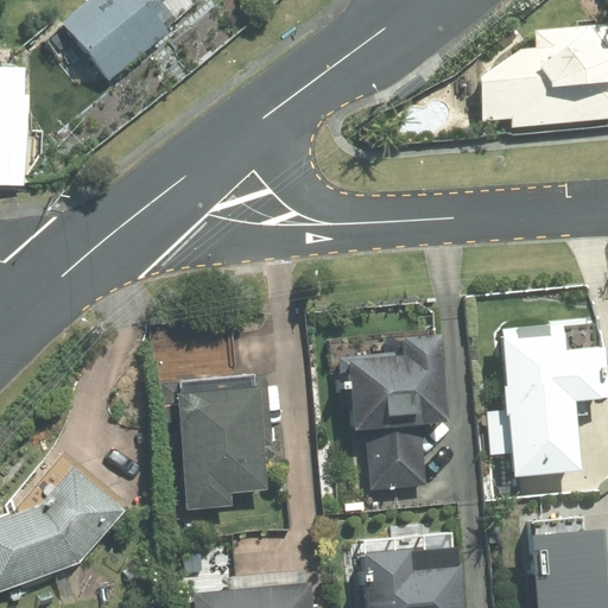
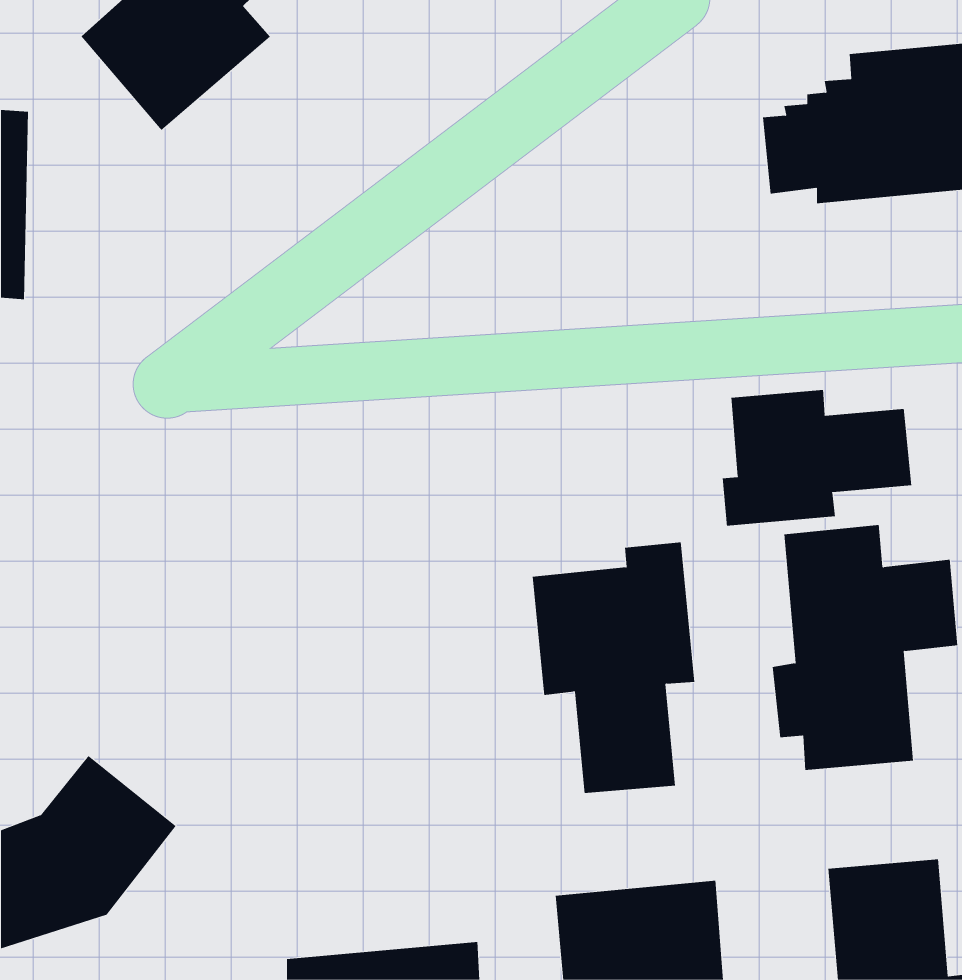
building: none -> [722,389,912,527]
building: [165,376,278,511] -> none

